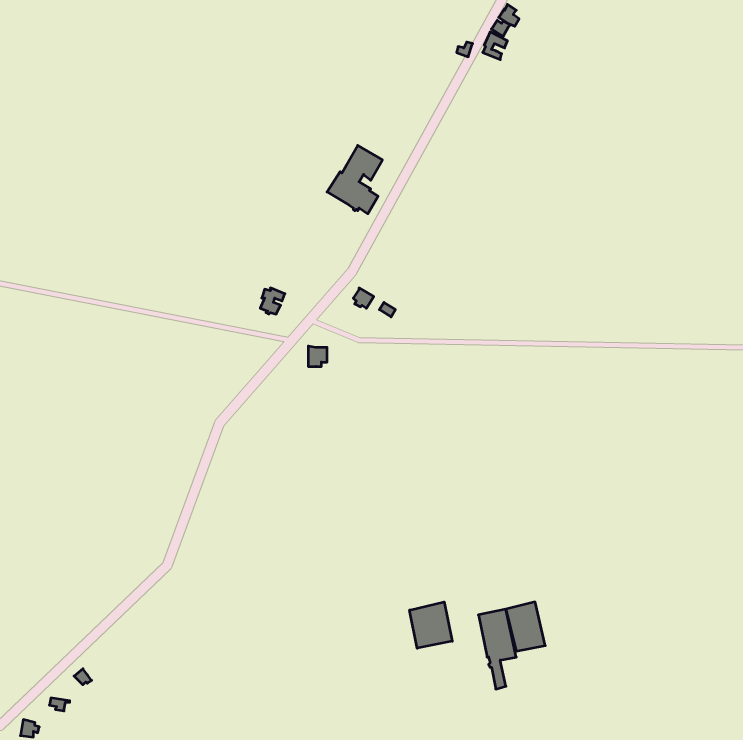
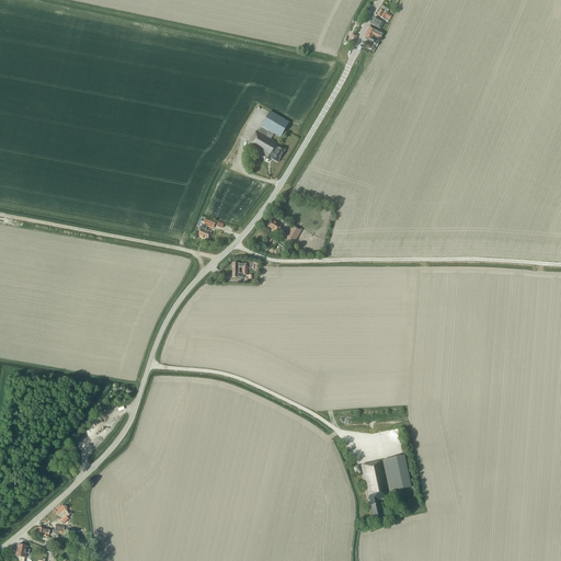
building: [410,602,452,648] -> none

